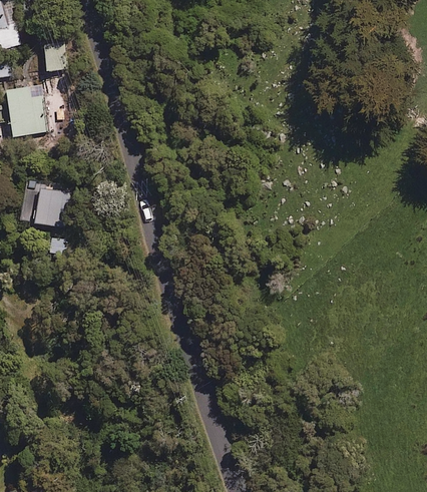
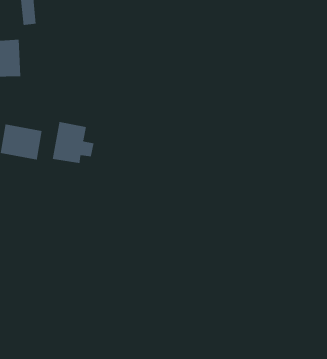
building: none -> [52,121,94,164]

